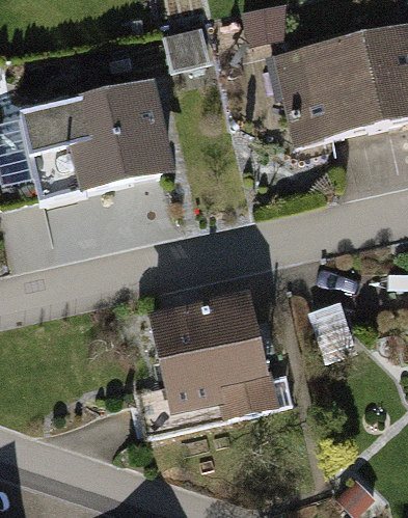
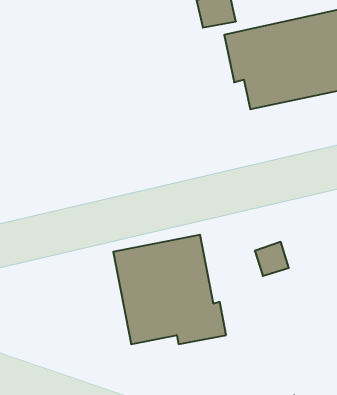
building: [23,80,172,205] -> none

